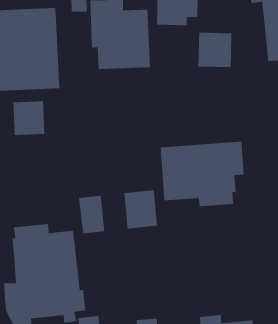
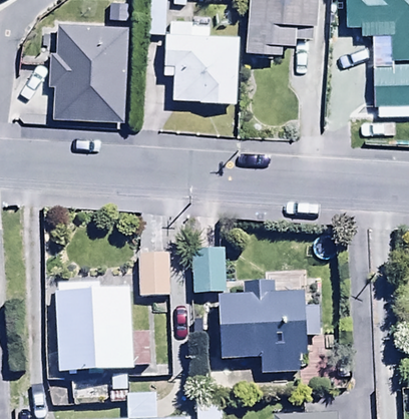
building: [198,32,232,68] -> none
building: [13,100,45,136] -> none
building: [160,141,244,207] -> [219,296,317,370]

